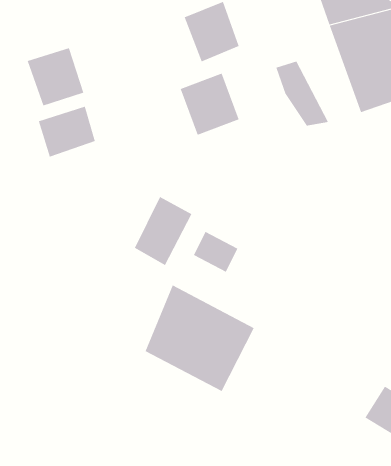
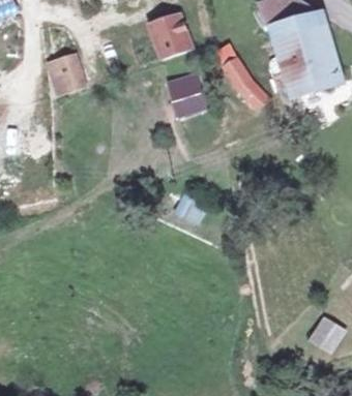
building: [38,106,95,158] -> none
building: [134,196,192,266] -> none
building: [145,284,254,392] -> none

